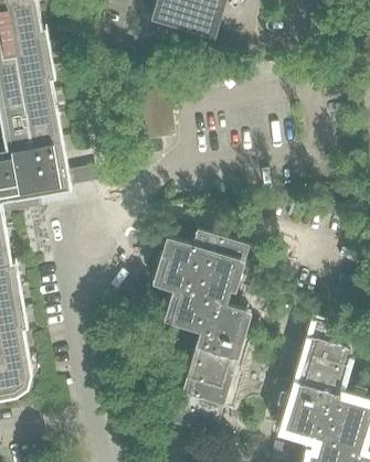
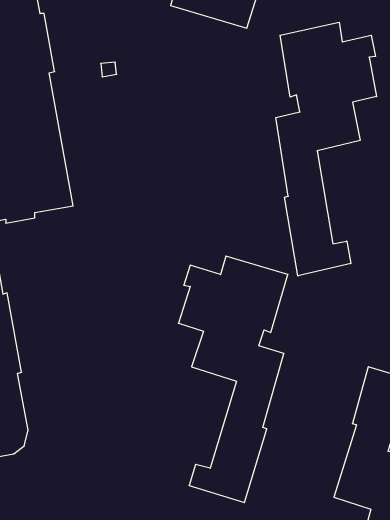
building: none -> [276,22,377,276]

